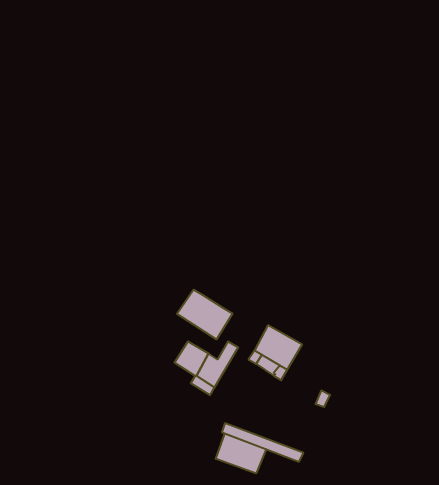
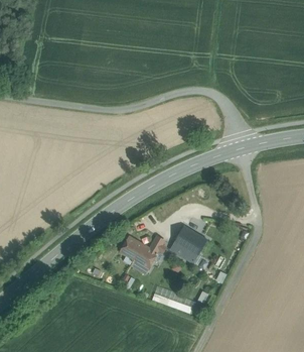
building: [177,290,232,339] -> none
building: [216,434,266,473] -> none

